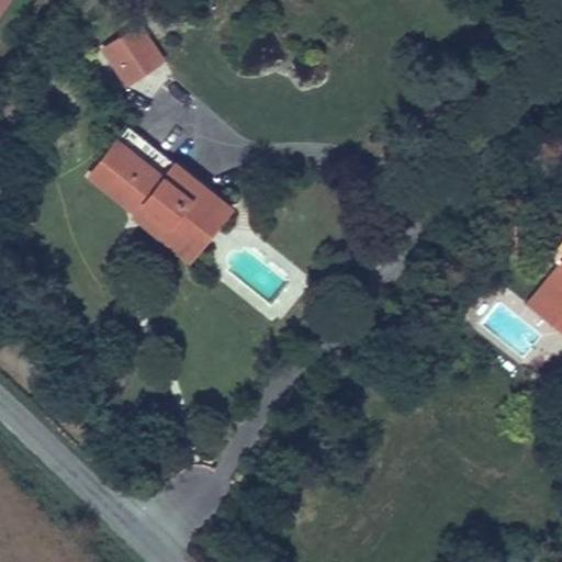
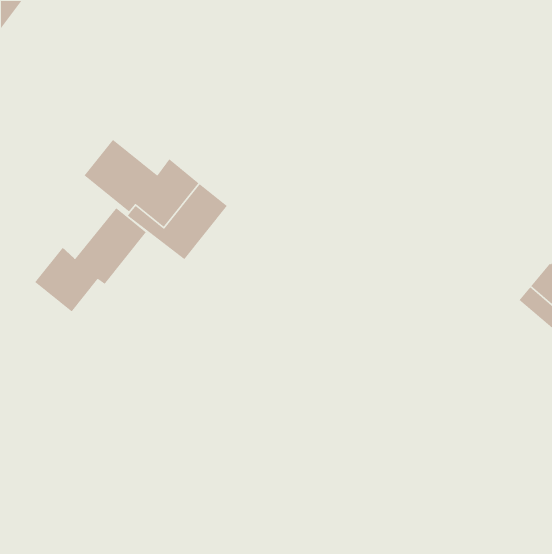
building: [102,23,167,86] -> none
building: none -> [34,207,147,313]

